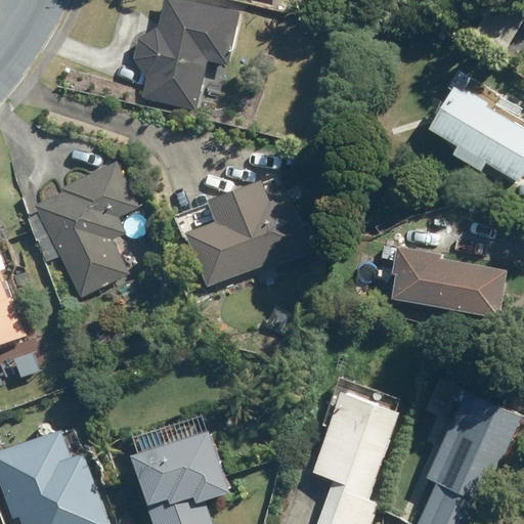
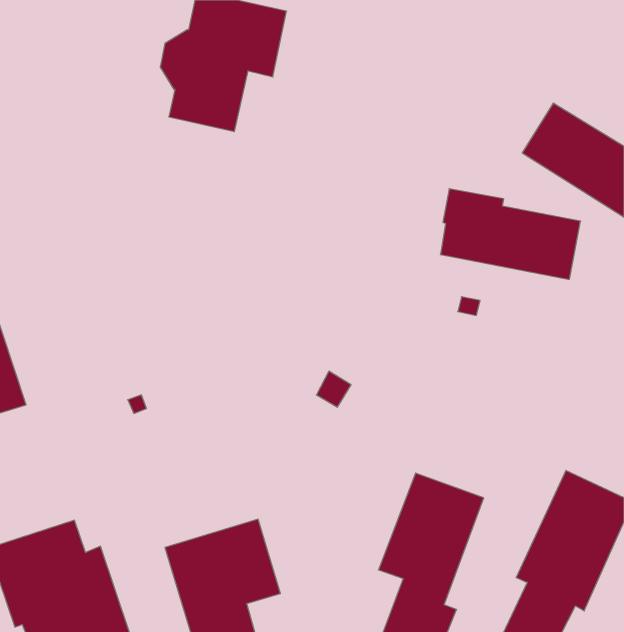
building: [33,162,136,298] -> none
building: [185,180,309,287] -> none
building: [392,245,508,319] -> [440,189,581,279]

